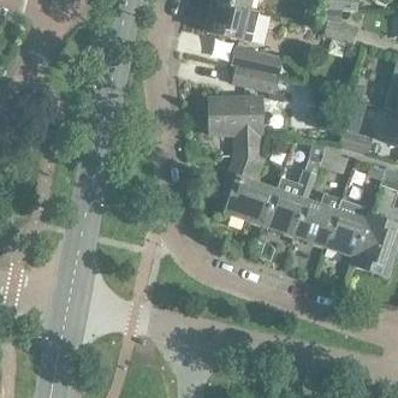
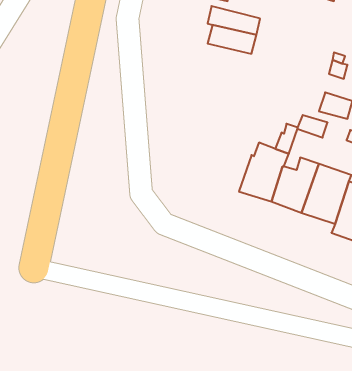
building: [209,96,262,154] -> none
building: [220,159,274,224] -> none

